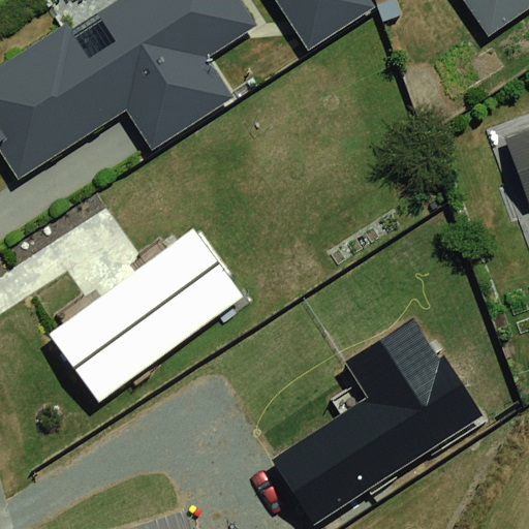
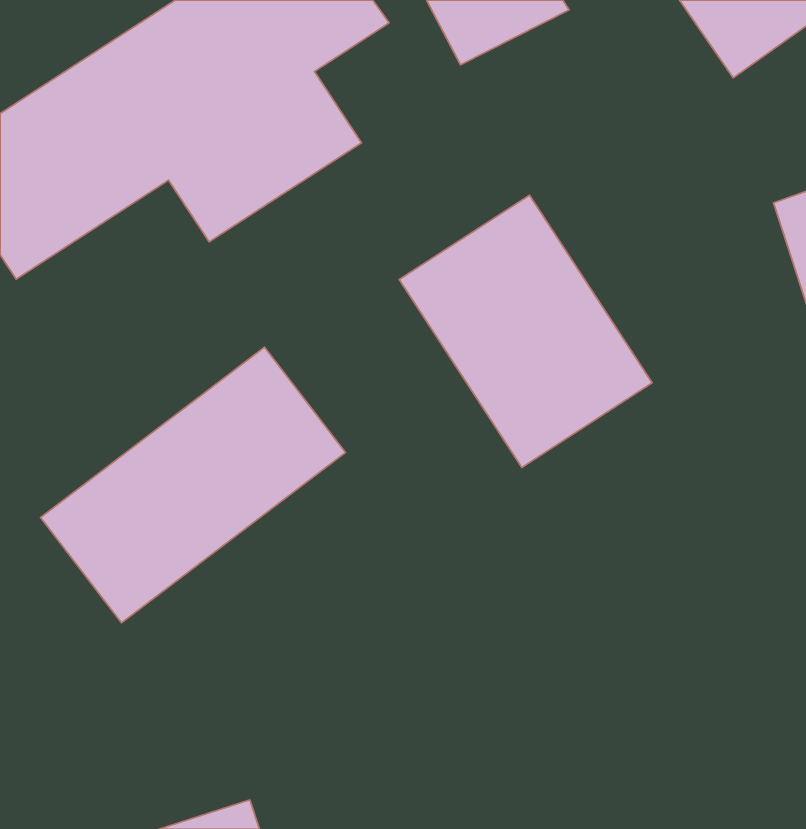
building: none -> [399,195,652,467]
building: [271,313,468,519] -> none

